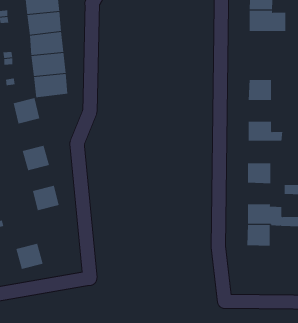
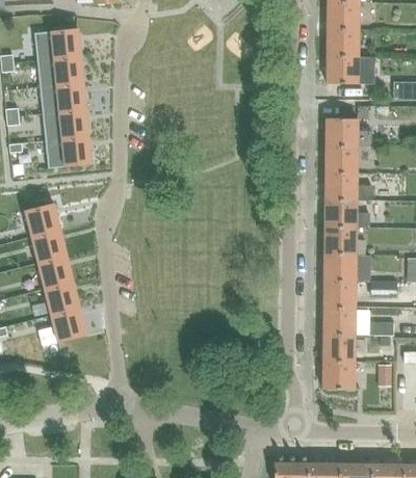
building: none -> [327,118,372,145]
building: [13,98,40,124] -> [25,204,60,238]
building: none -> [326,172,372,200]
building: none -> [324,225,370,254]
building: none -> [38,257,74,290]
building: none -> [324,280,356,307]
building: [16,243,44,270] -> [51,309,87,343]
building: none -> [323,361,355,390]

